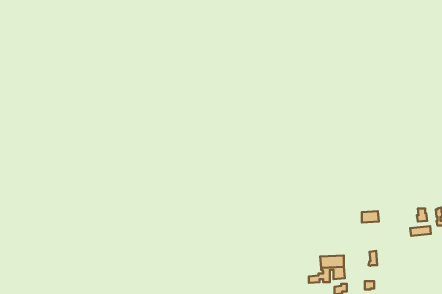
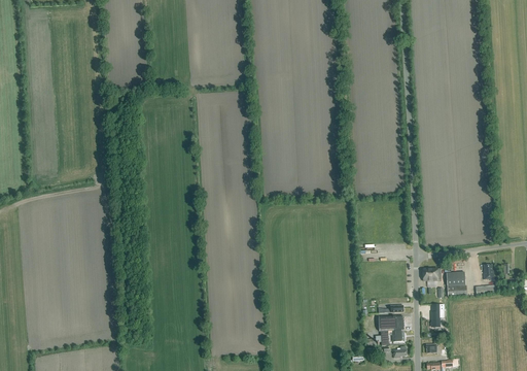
building: none -> [447,272,467,296]

